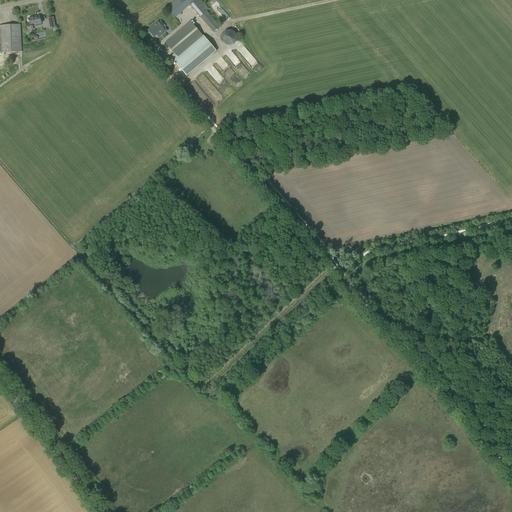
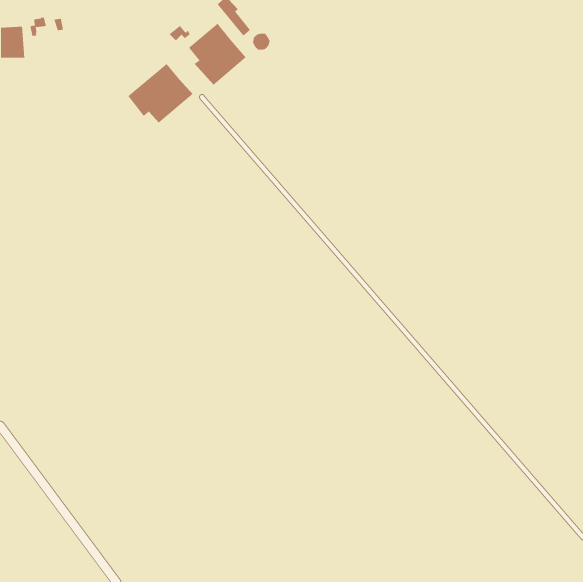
building: none -> [127,63,193,124]

